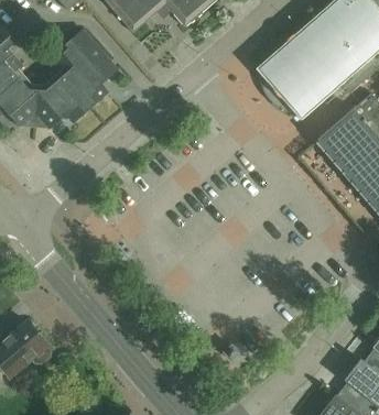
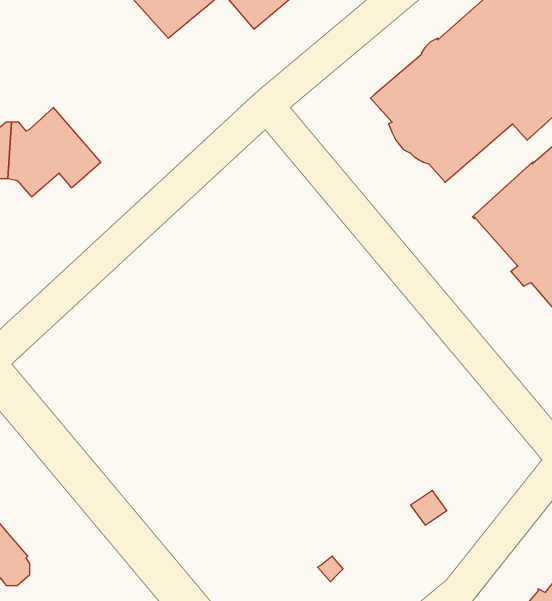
building: [52,29,118,107] -> none

